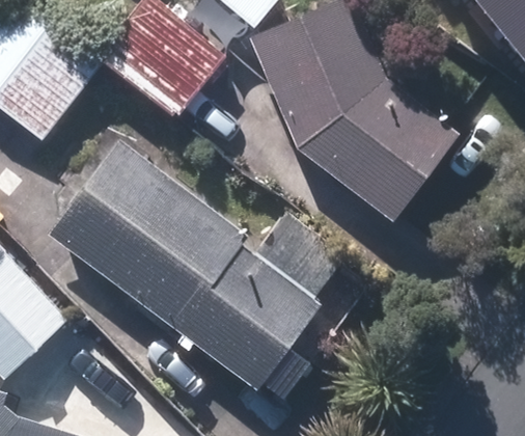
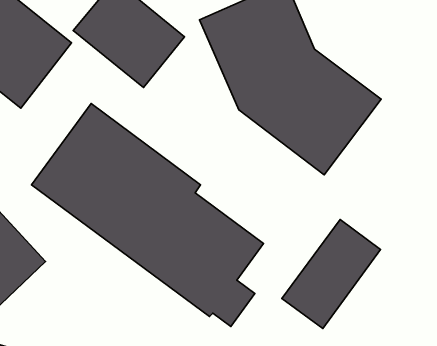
building: none -> [282,219,381,328]

